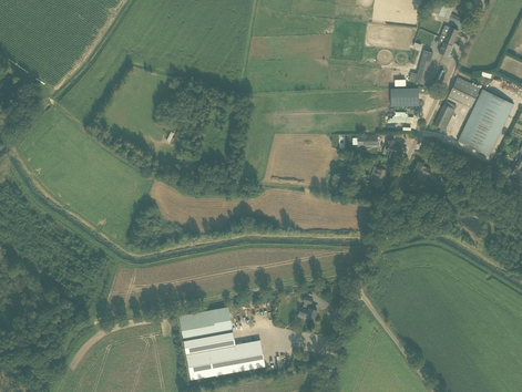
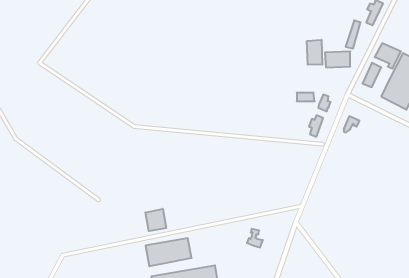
building: none -> [307,40,322,65]
building: none -> [145,209,166,231]

